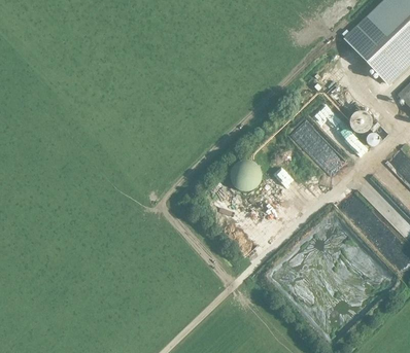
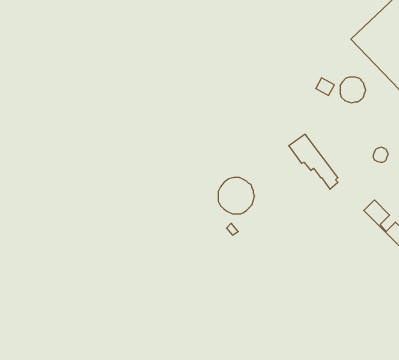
building: [349,111,372,134] -> [340,77,366,103]

